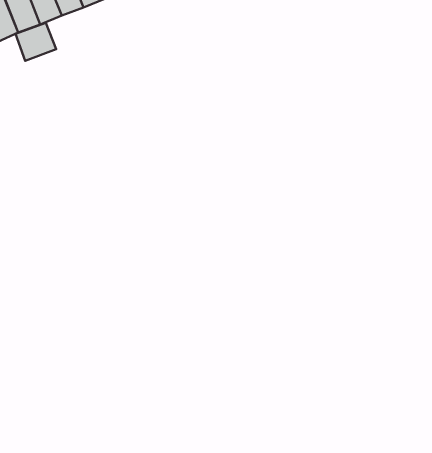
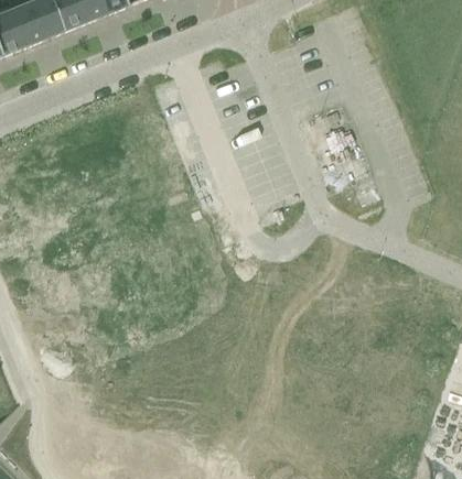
building: [16,23,56,61] -> none

